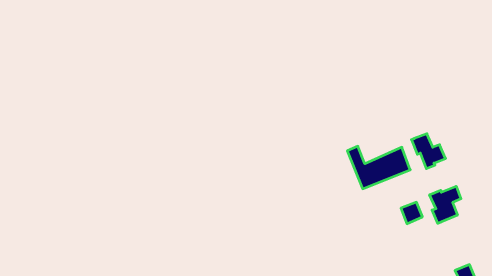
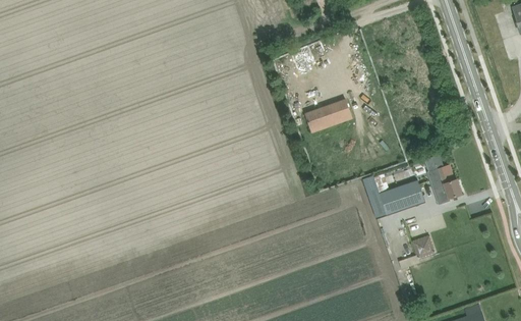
building: none -> [305,100,352,132]
building: [430,186,461,223] -> none

